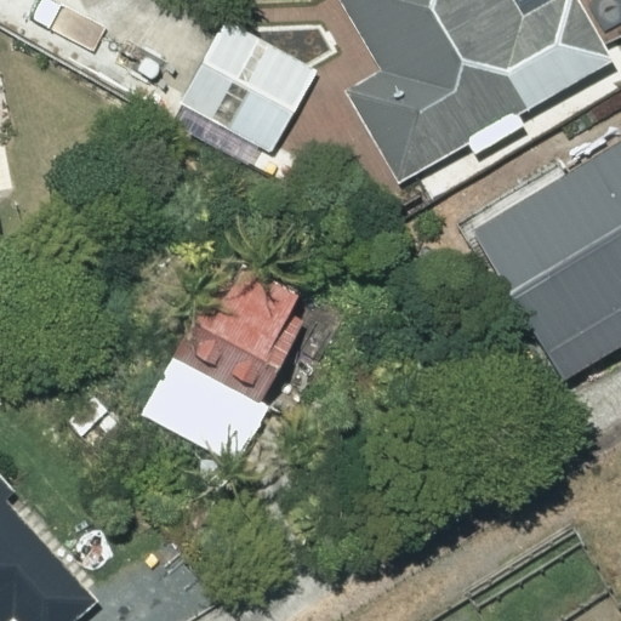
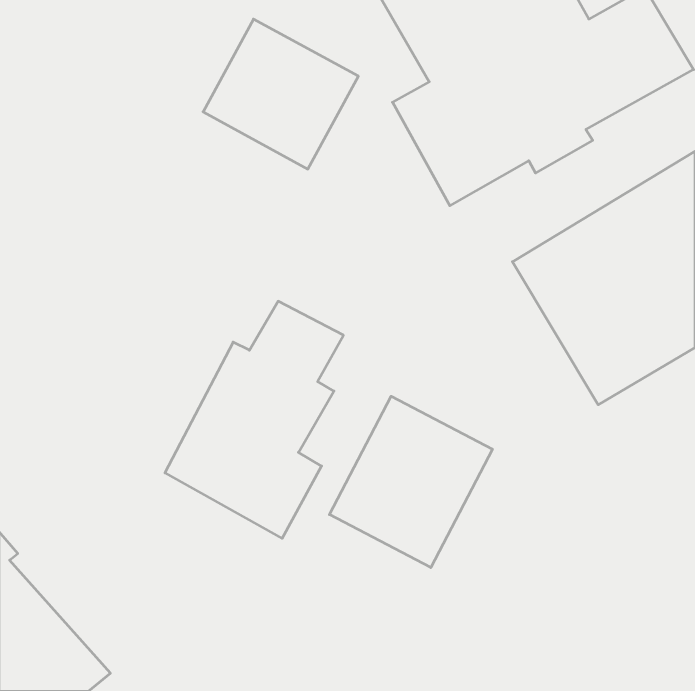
building: none -> [329,396,492,568]

